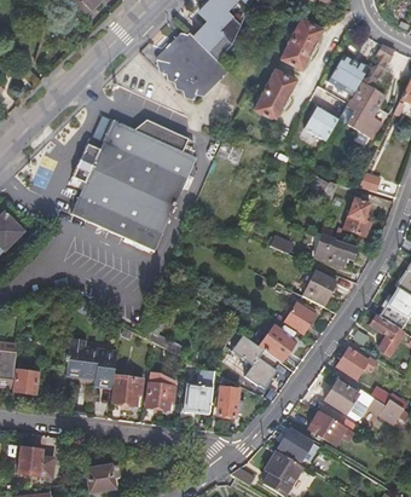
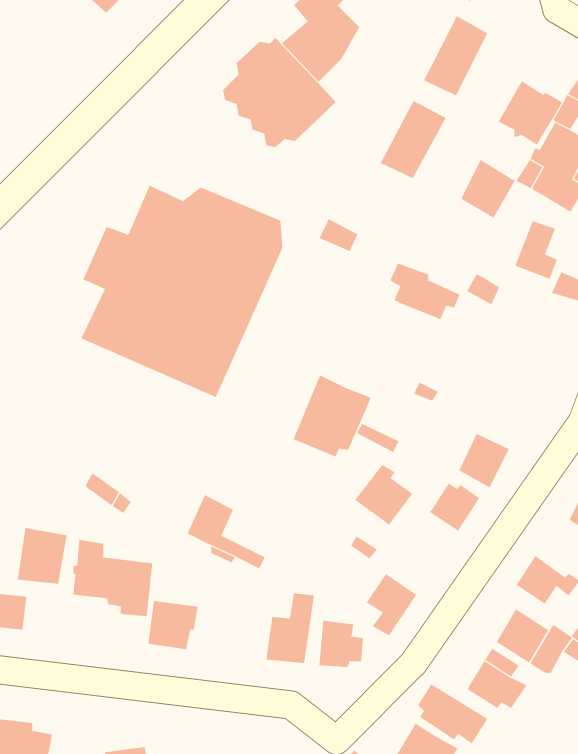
building: [345,200,371,236] -> [514,221,558,280]
building: [312,231,355,266] -> [390,263,461,320]
building: none -> [293,374,372,458]
building: [257,325,294,363] -> [354,464,413,525]
building: none -> [17,527,67,584]
building: [146,383,175,409] -> none

